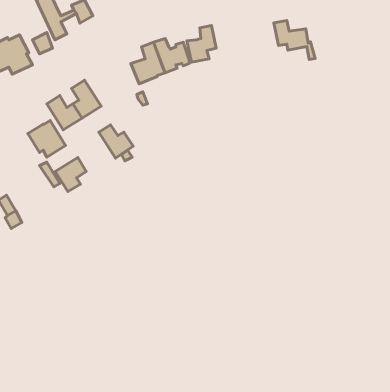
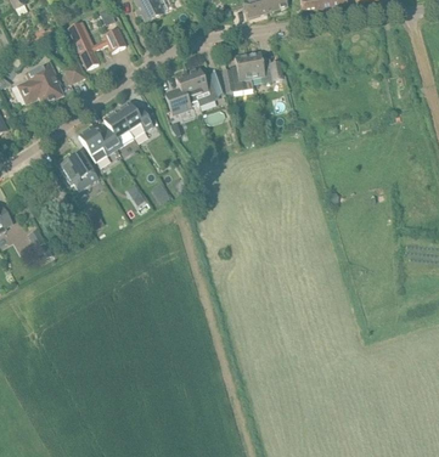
building: [274,20,315,60] -> [247,51,289,91]
building: [99,125,133,158] -> [117,102,152,136]
building: [55,158,86,191] -> none

